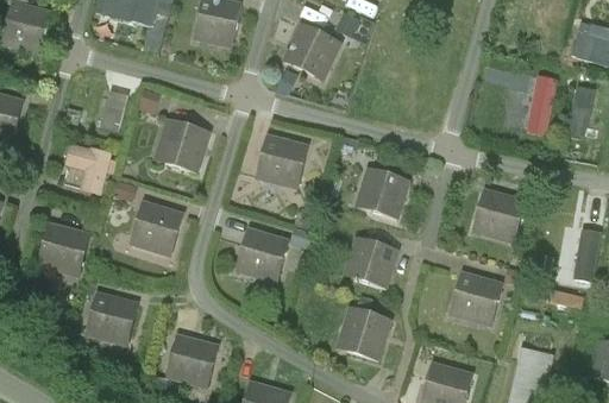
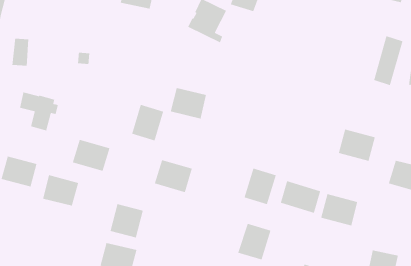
building: [100,92,123,128] -> [12,38,29,67]
building: [165,124,208,172] -> [131,104,164,142]
building: [365,171,409,220] -> none
building: none -> [280,180,321,214]
building: none -> [109,203,144,239]
building: [89,294,137,335] -> [42,174,79,207]

